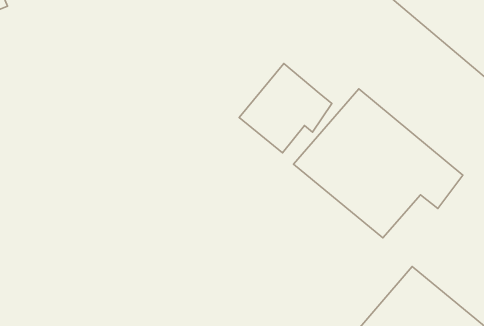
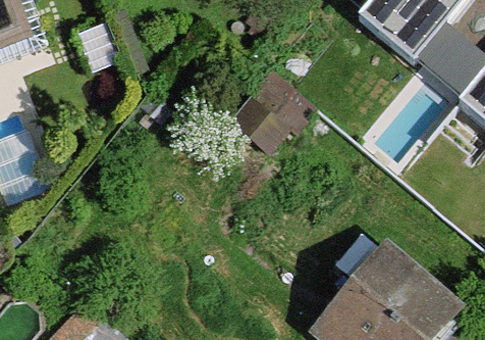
building: [293,89,463,238] -> none

